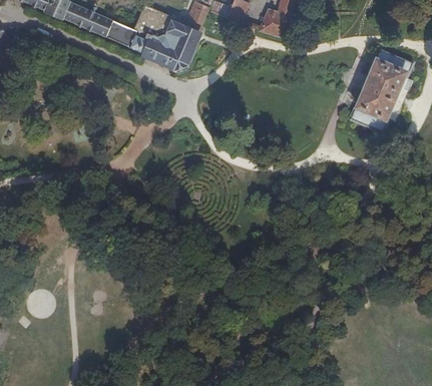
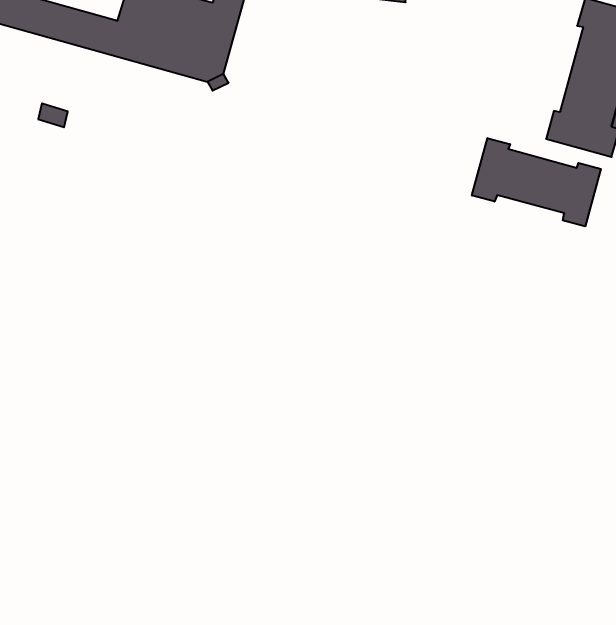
building: none -> [472,138,601,226]

